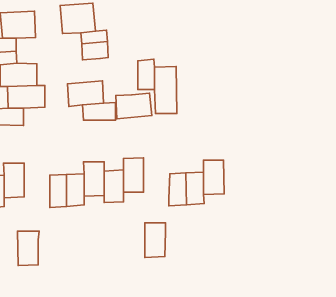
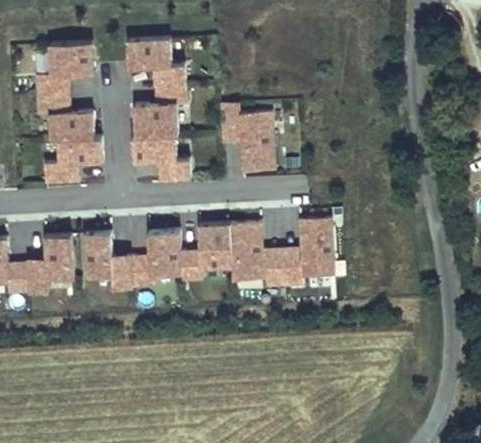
building: [116,93,152,119] -> [132,103,177,135]
building: [145,223,166,257] -> [235,236,261,279]
building: [18,231,39,266] -> [85,238,112,281]

